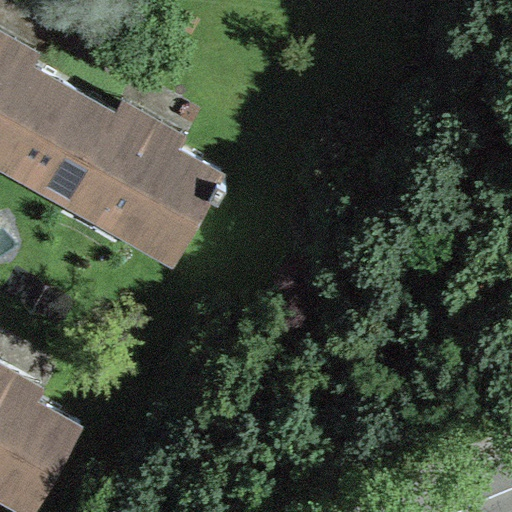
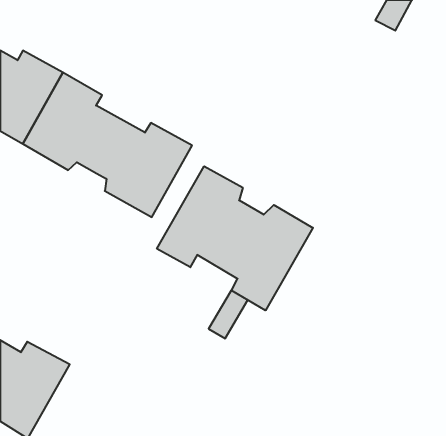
building: none -> [157,166,313,310]

